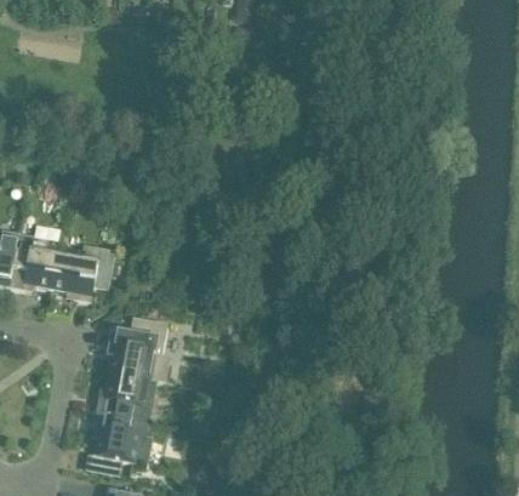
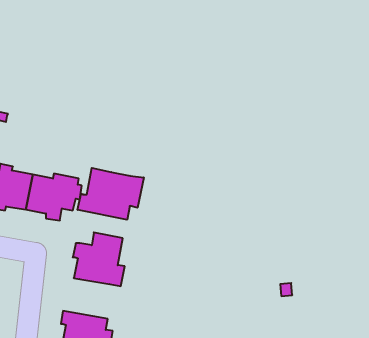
building: none -> [78,168,144,220]
building: [95,374,153,423] -> none

